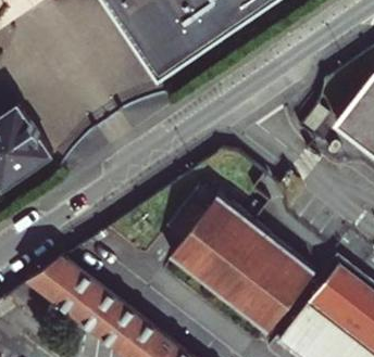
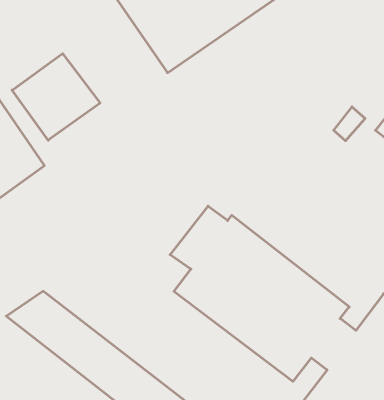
building: none -> [12,54,100,140]

